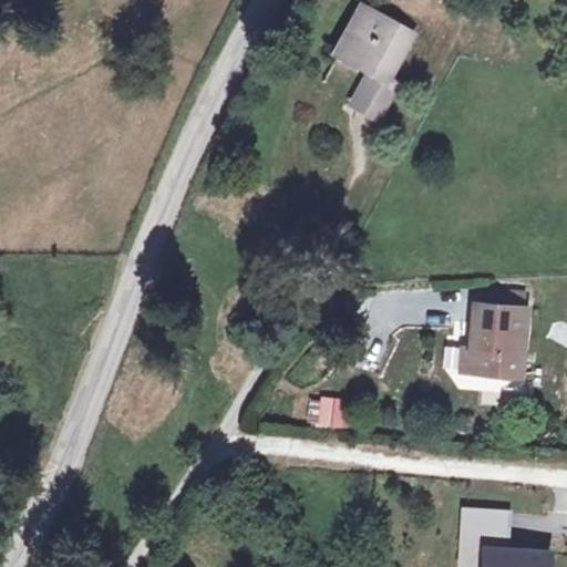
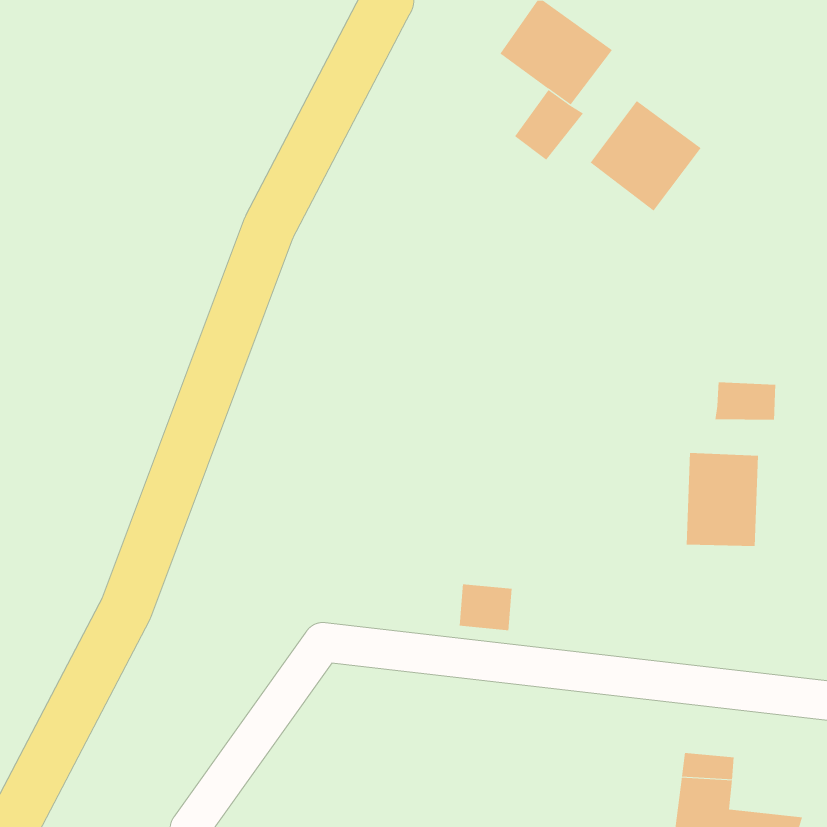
building: none -> [590,100,701,212]
building: none -> [715,381,776,420]

